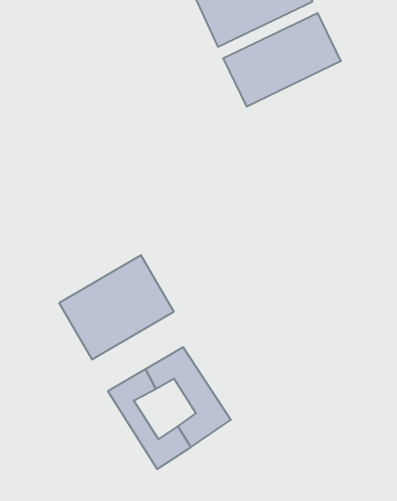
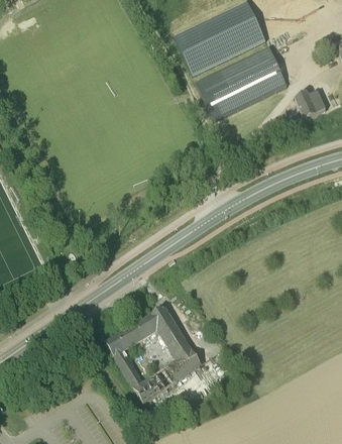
building: none -> [296,88,326,119]
building: [59,255,174,360] -> none

